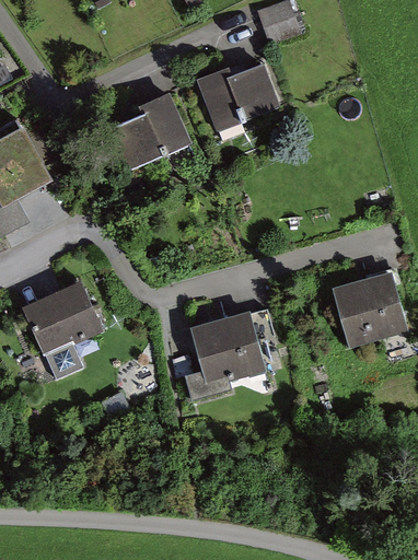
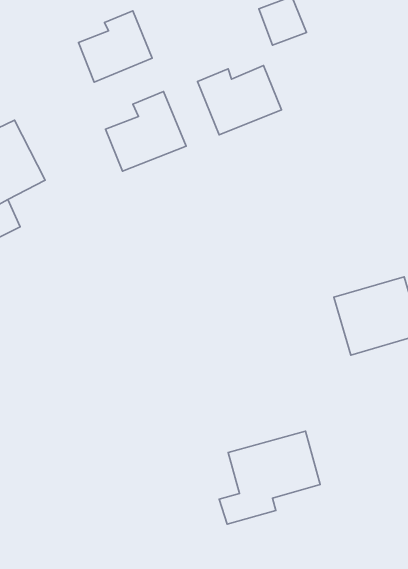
building: none -> [78,11,152,82]
building: [19,284,101,368] -> none
building: [183,307,280,397] -> [219,431,320,524]

